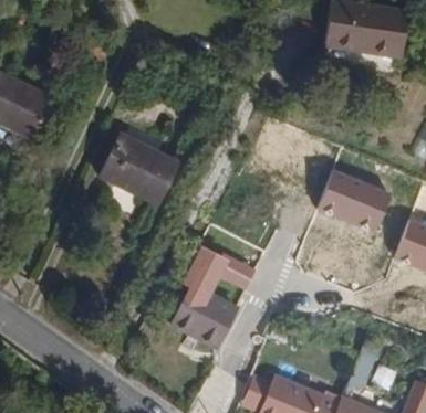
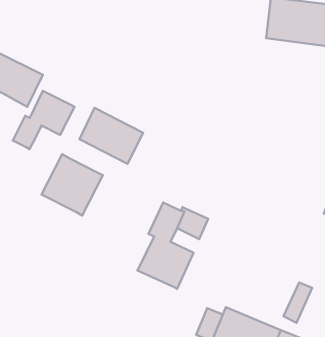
building: none -> [13,91,75,149]
building: [318,170,391,232] -> none
building: none -> [41,154,103,215]

